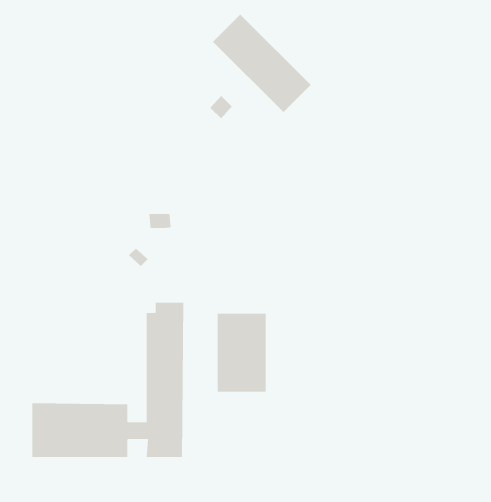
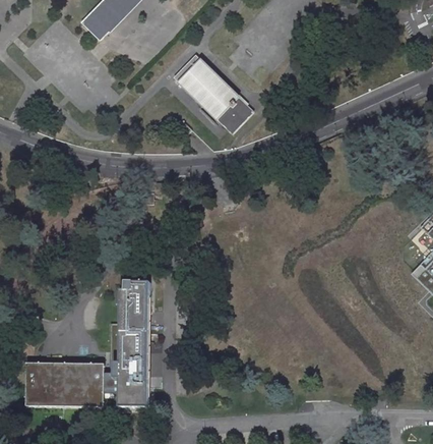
building: [217,313,266,393] -> none

